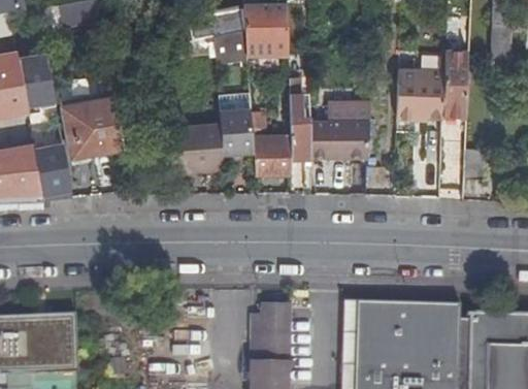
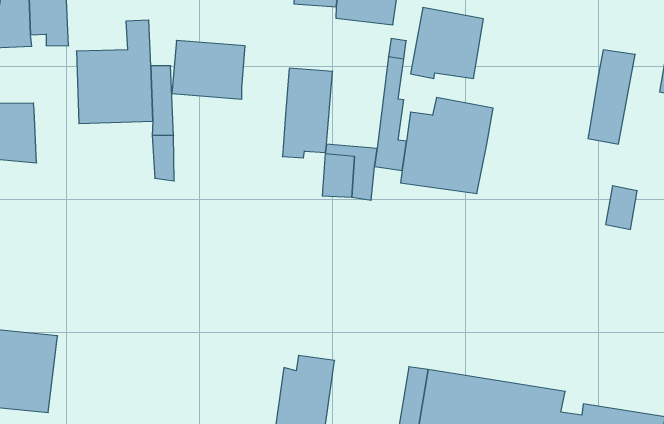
building: [396,69,443,120] -> [411,8,483,78]
building: [169,131,223,173] -> [172,40,245,99]
building: [36,149,75,212] -> none

